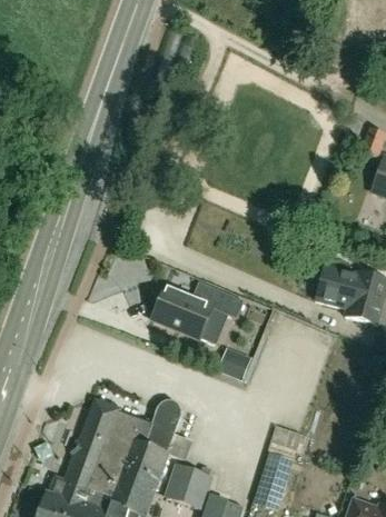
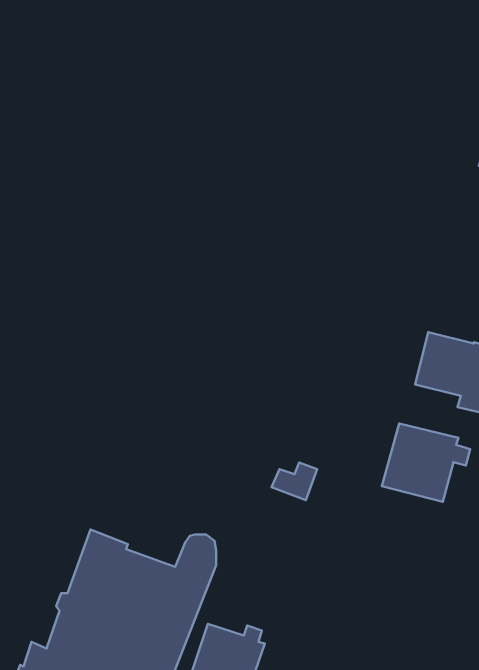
building: [152,278,244,339] -> none
building: none -> [382,423,470,502]

